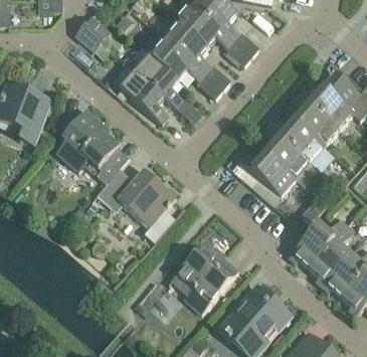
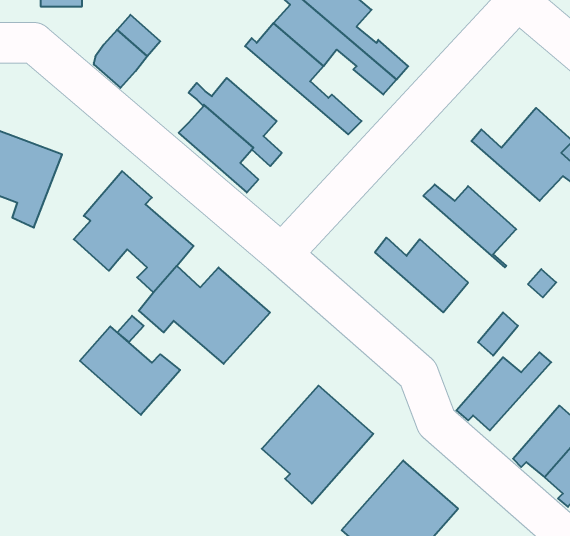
building: [150,35,223,99] -> none
building: [292,93,339,146] -> none
building: [262,126,318,185] -> none
building: none -> [80,326,180,415]
building: [309,226,353,285] -> none

